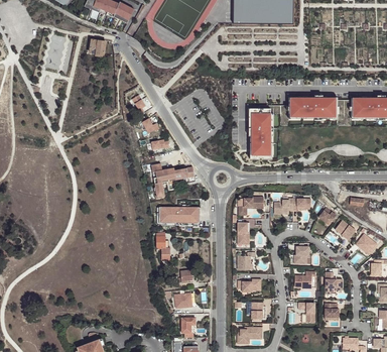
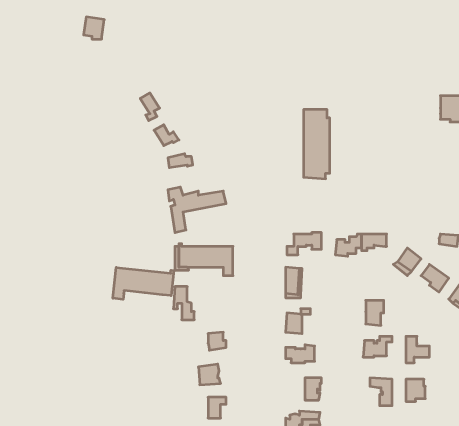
building: [287,97,336,116] -> none
building: none -> [113,267,174,299]

